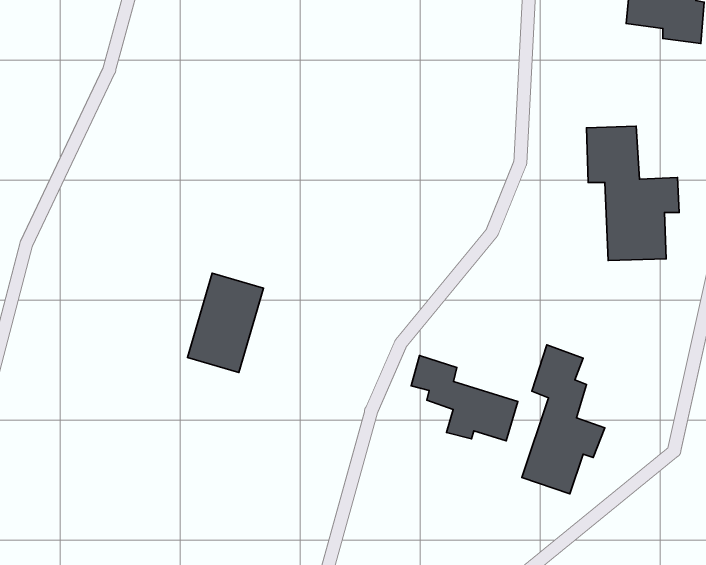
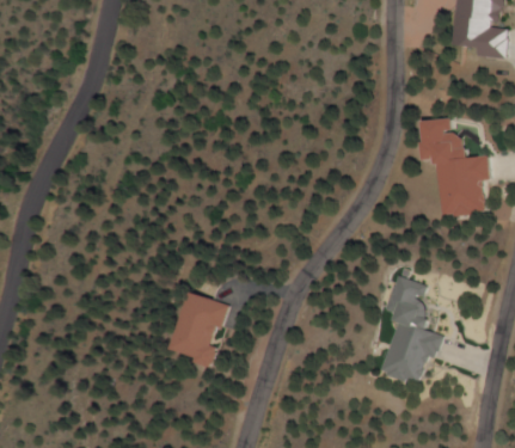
building: [187,273,264,373] -> [170,293,225,364]
building: [411,356,518,441] -> none

